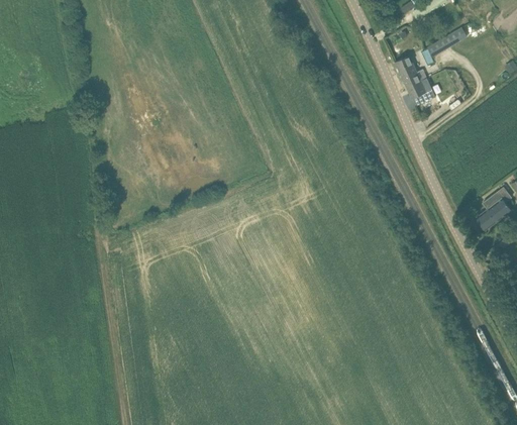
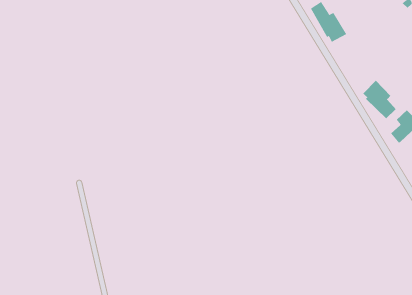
building: none -> [363,80,397,119]

